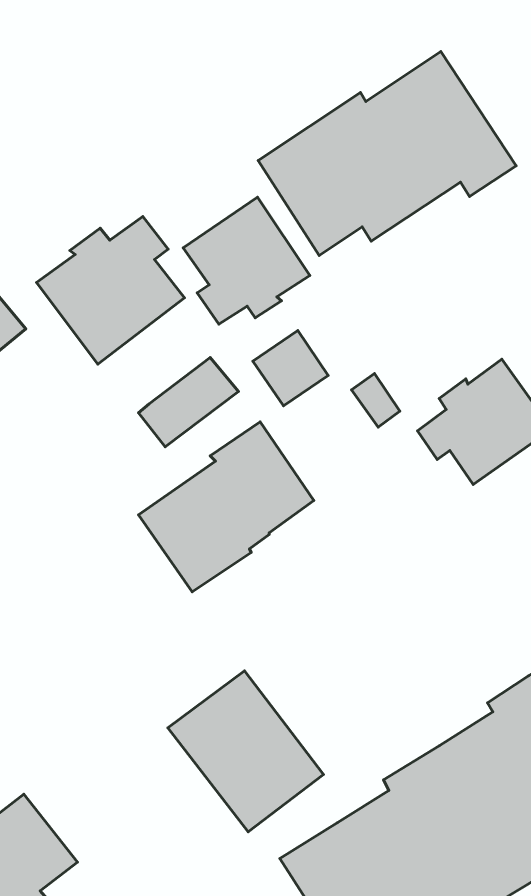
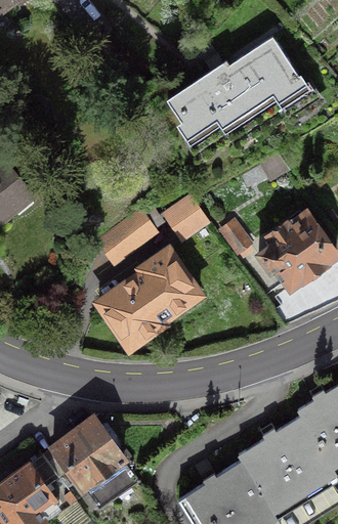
building: [183,197,310,324] -> none
building: [37,216,185,364] -> none
building: [168,671,323,832] -> [47,418,136,510]

